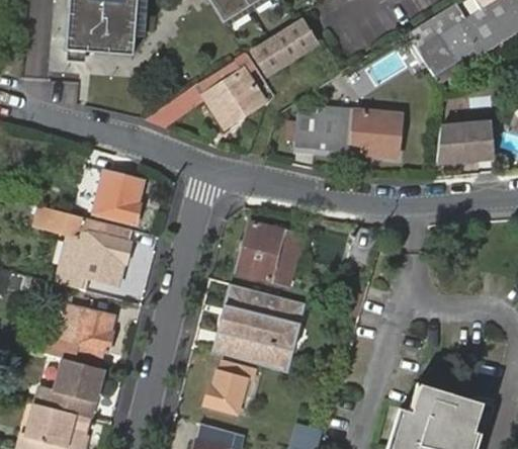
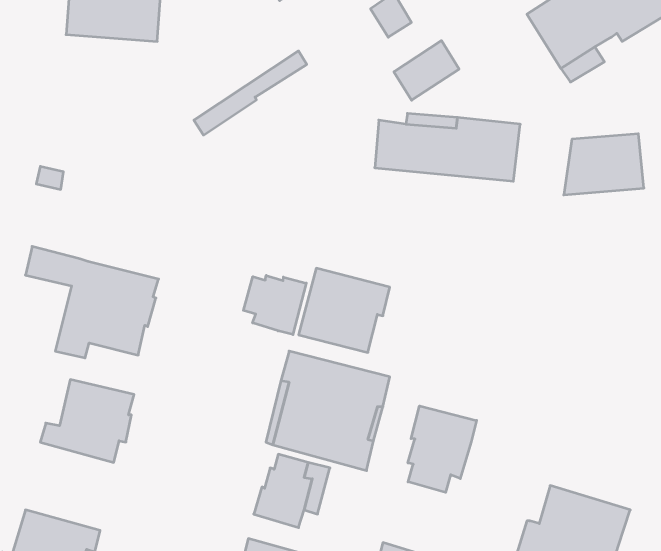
building: [256,28,305,73] -> [394,41,459,100]
building: [205,70,264,126] -> none
building: [78,151,145,223] -> none
building: none -> [243,275,306,335]
building: none -> [408,406,477,492]
building: [34,357,105,417] -> none

